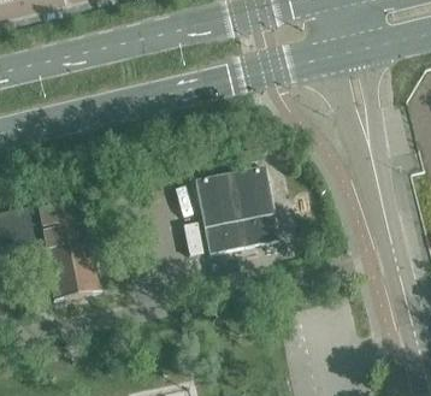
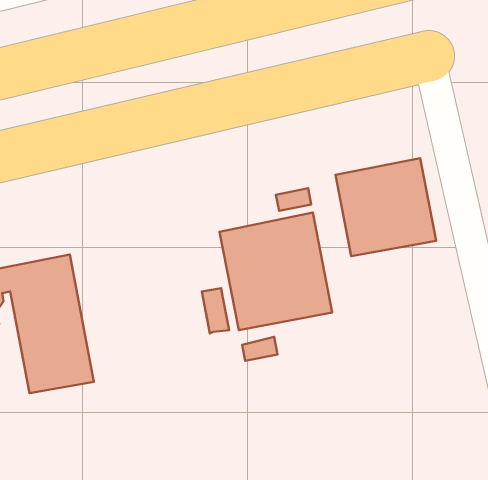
building: none -> [336,158,436,256]

